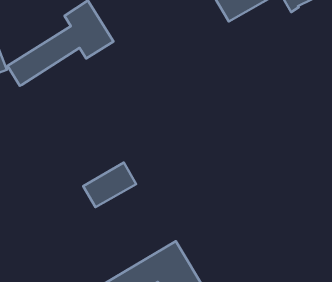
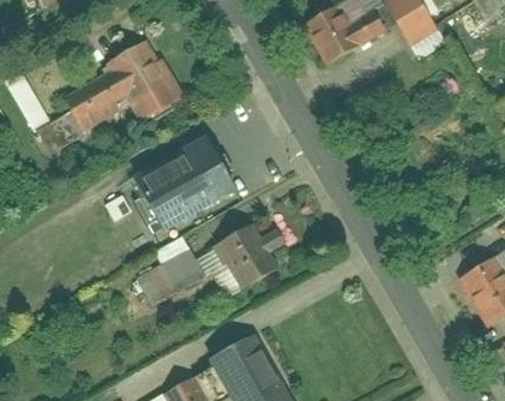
building: none -> [132,138,238,235]
building: none -> [223,220,277,281]

